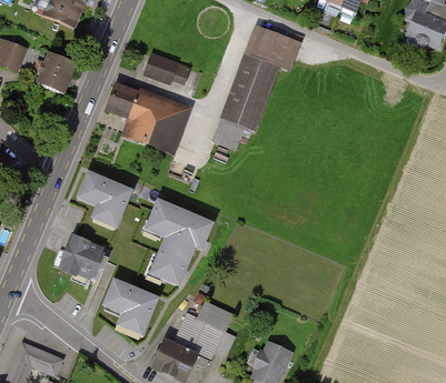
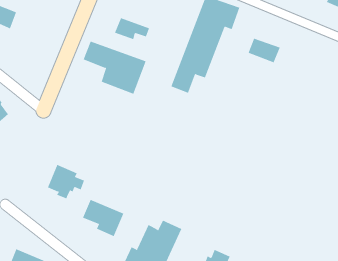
building: [37,52,76,92] -> none
building: none -> [248,38,280,63]
building: [79,172,131,219] -> none
building: [149,201,211,283] -> none

